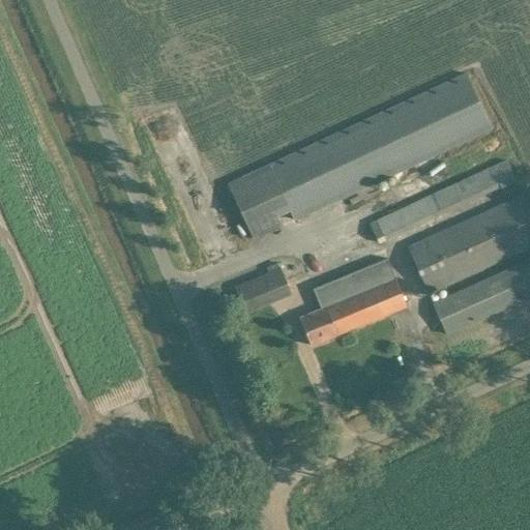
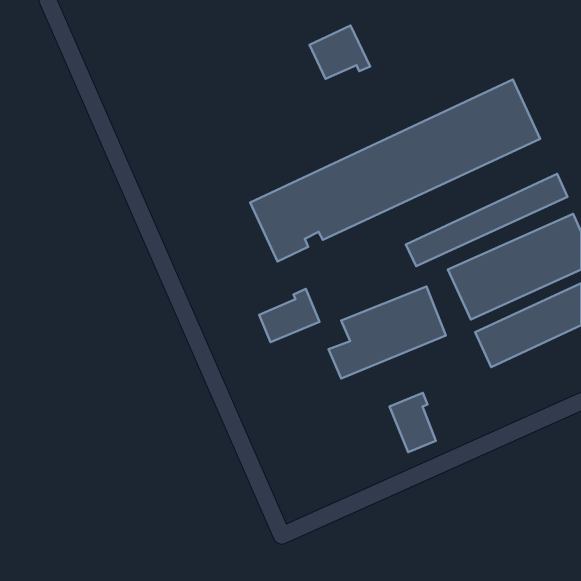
building: none -> [309,25,370,79]
building: none -> [389,393,436,452]

